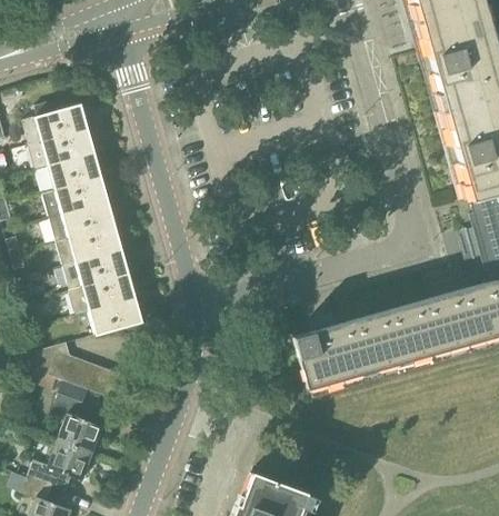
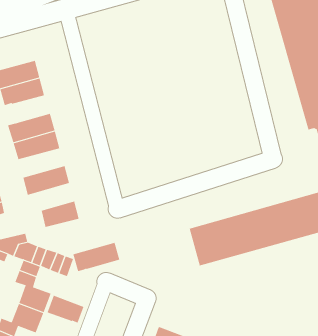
building: [48,153,102,191] -> none
building: [57,227,122,267] -> none
building: [70,275,136,316] -> [73,242,120,272]
building: none -> [47,295,84,324]

